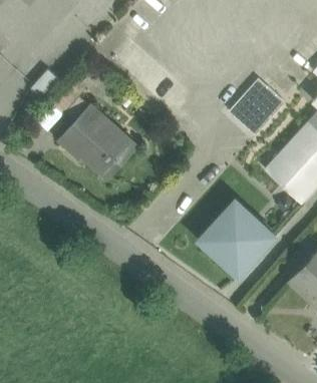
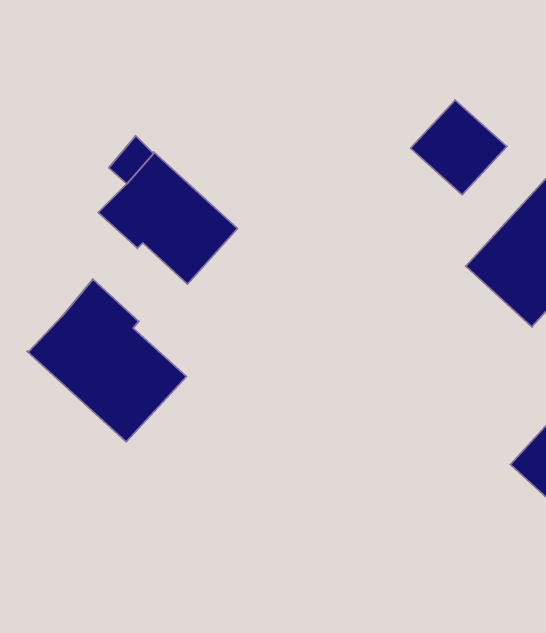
building: none -> [27,279,186,442]
building: [200,201,276,277] -> none

